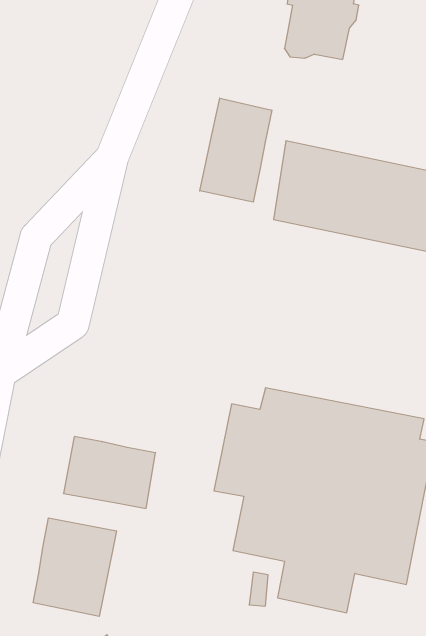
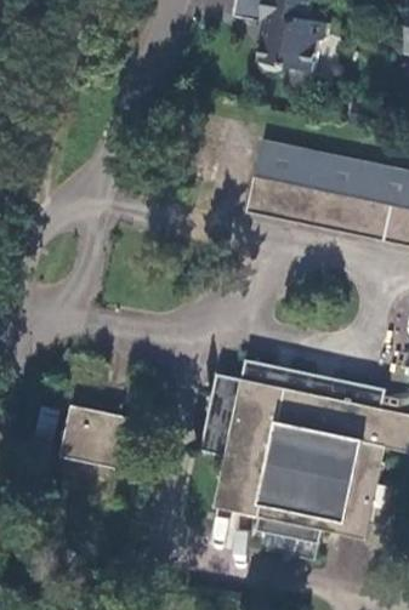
building: [200,98,272,202] -> none
building: [33,518,117,616] -> none

